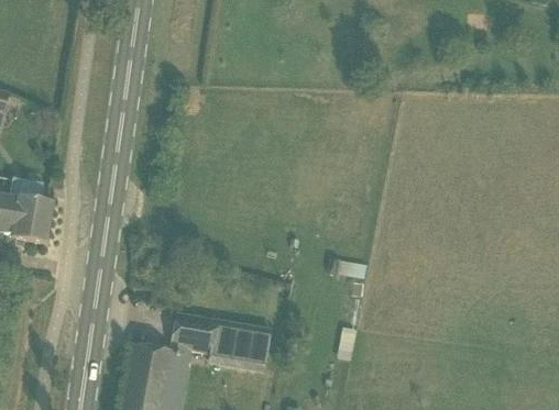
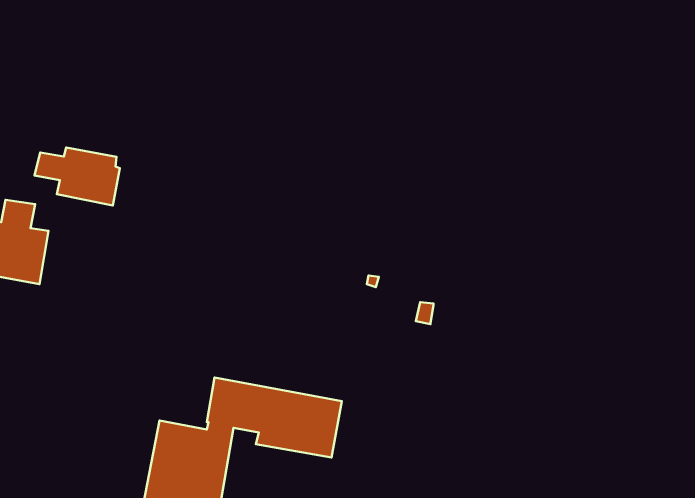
building: none -> [35,148,120,206]

